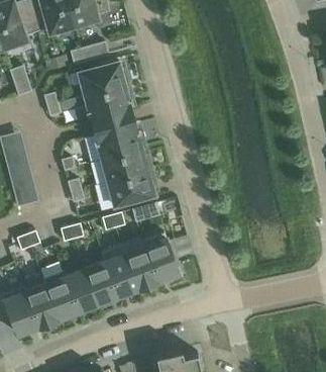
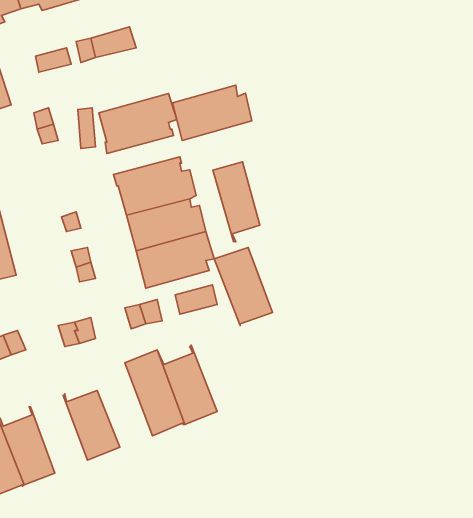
building: [79,62,128,96] -> [172,85,252,140]
building: none -> [213,162,260,242]
building: [142,234,179,282] -> [214,248,272,326]
building: [84,252,118,304] -> none
building: [42,272,78,320] -> none

